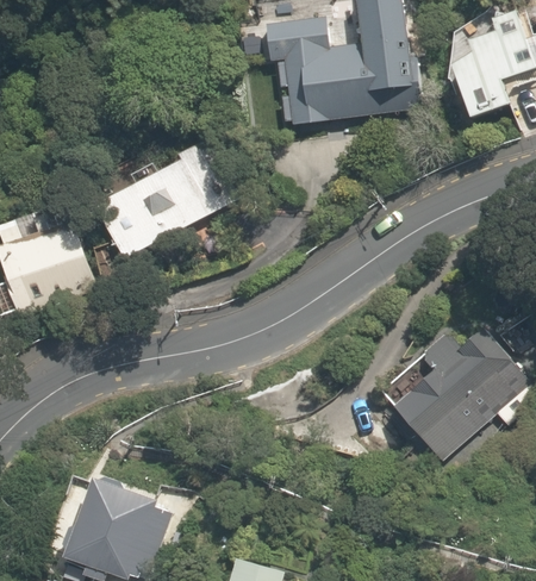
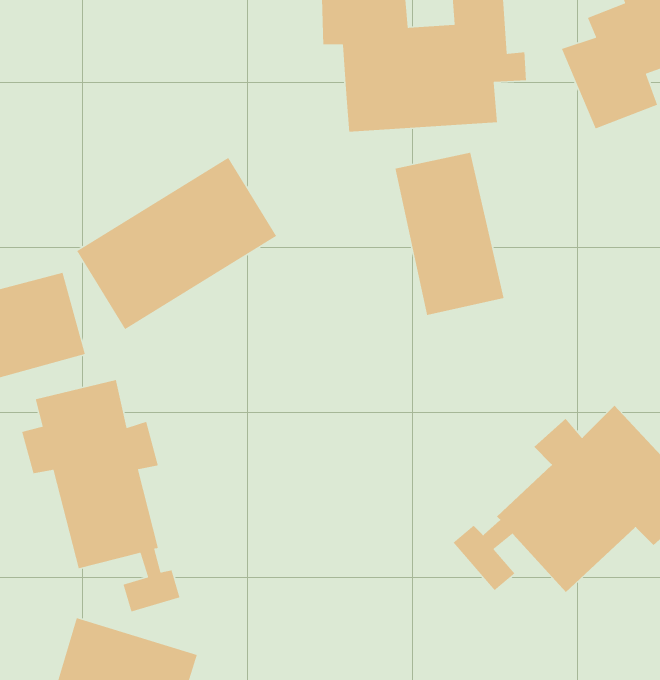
building: none -> [394,152,504,316]
building: none -> [21,379,180,613]

